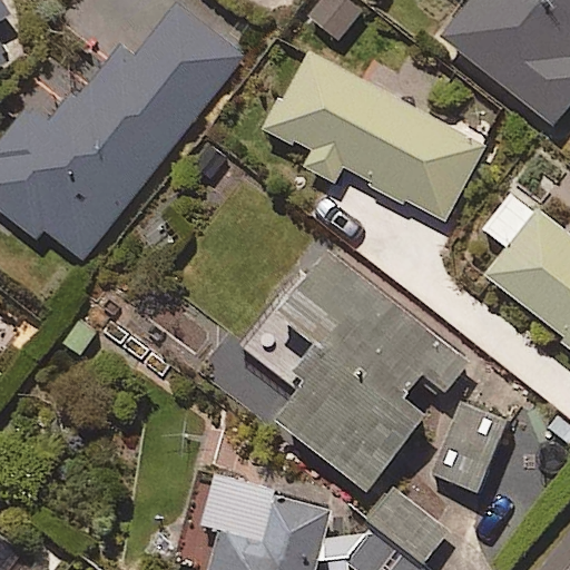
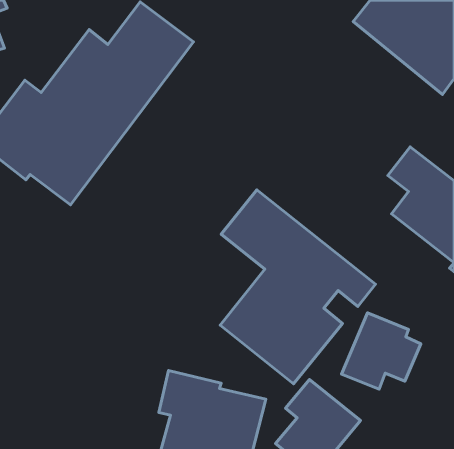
building: [264,50,487,225] -> none

